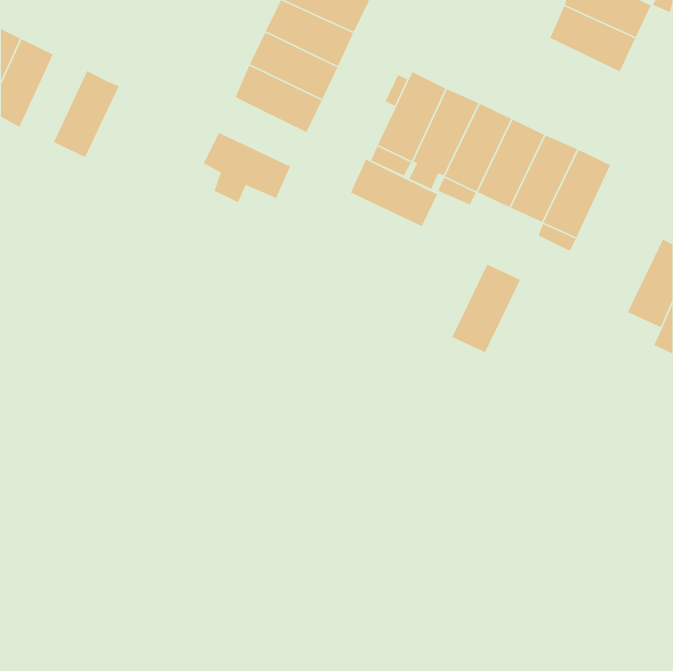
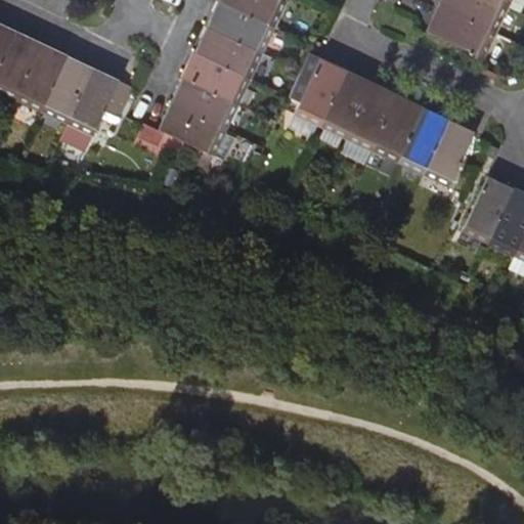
building: none -> [15,42,68,111]
building: none -> [59,67,133,150]
building: [350,159,438,227] -> [170,76,238,129]
building: [451,264,521,353] -> [461,173,515,243]

